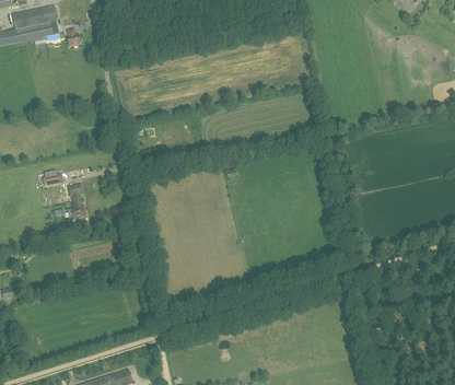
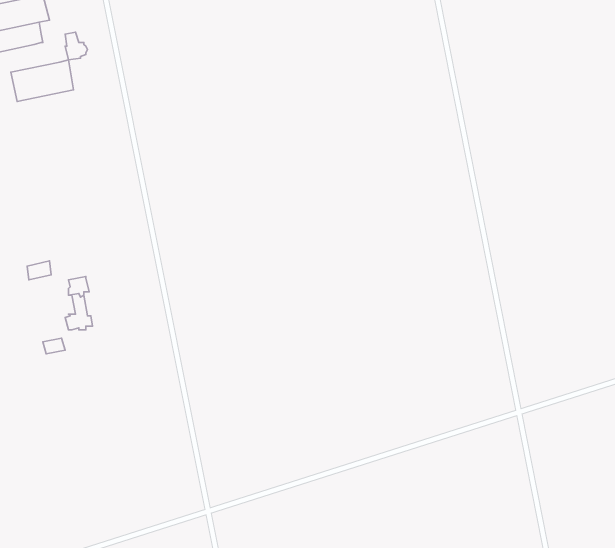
building: none -> [11,60,73,101]

